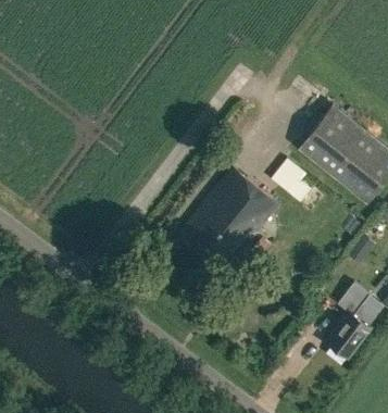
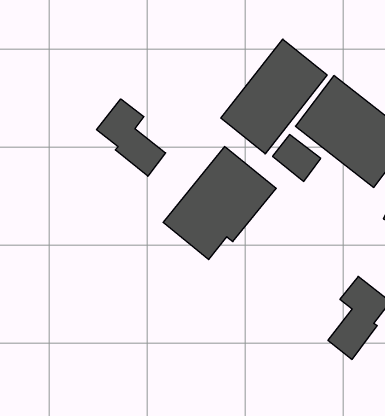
building: none -> [221,39,327,154]
building: none -> [97,99,166,176]

